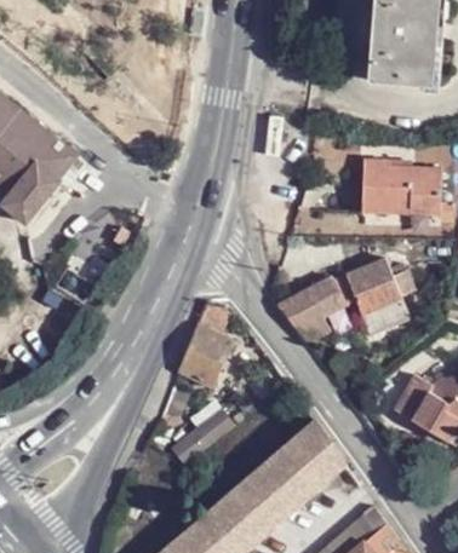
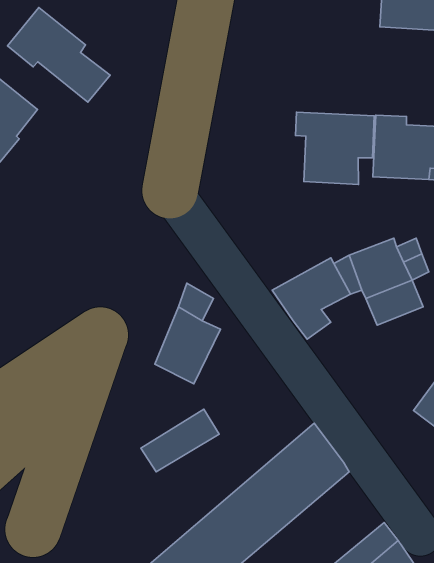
building: none -> [8,7,110,102]
building: none -> [295,112,374,184]

